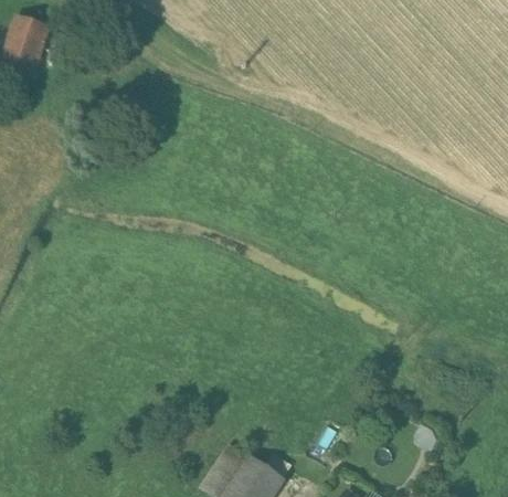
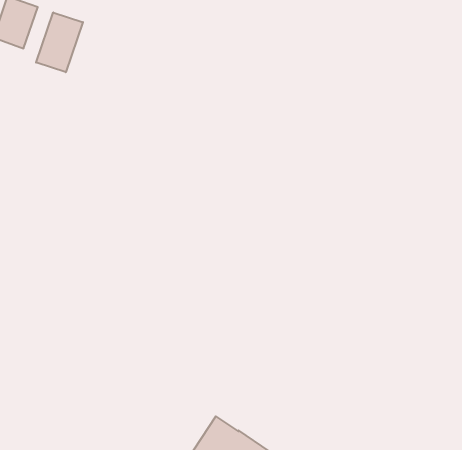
building: none -> [36,12,83,72]

